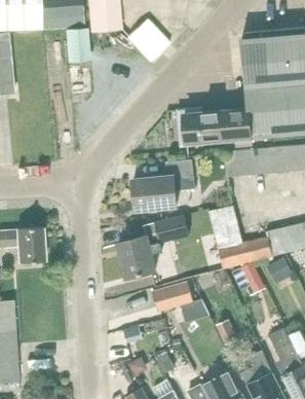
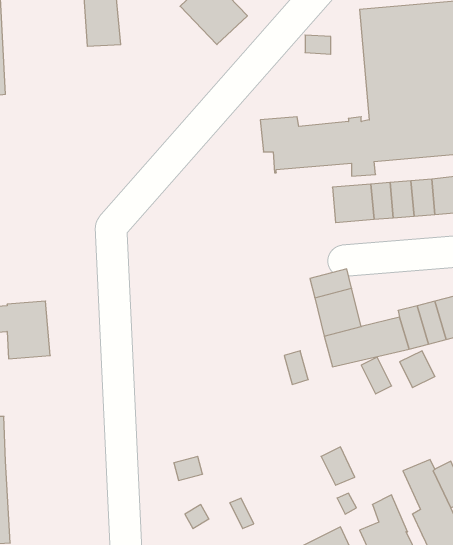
building: [132,160,194,210] -> none
building: [117,216,188,279] -> none
building: [154,282,192,313] -> none

